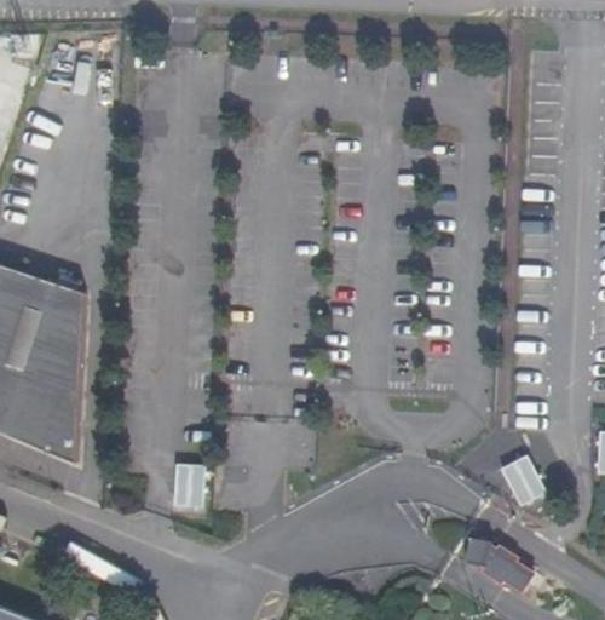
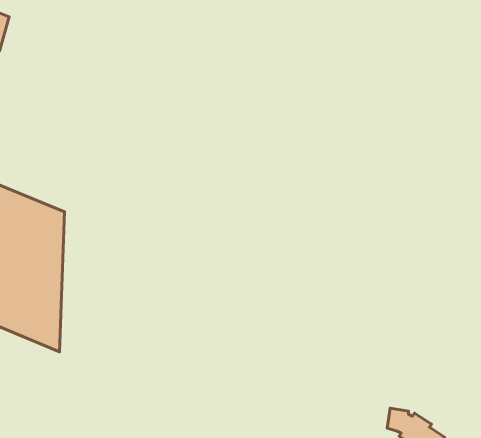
building: [501,452,547,503] -> none
building: [173,460,204,506] -> none

